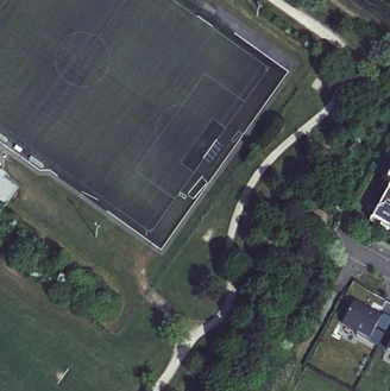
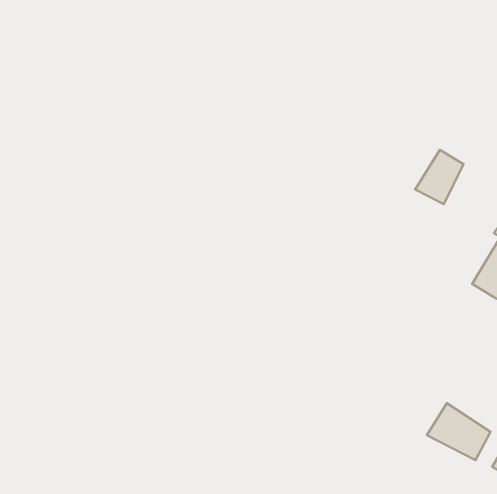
building: none -> [415,150,463,204]

